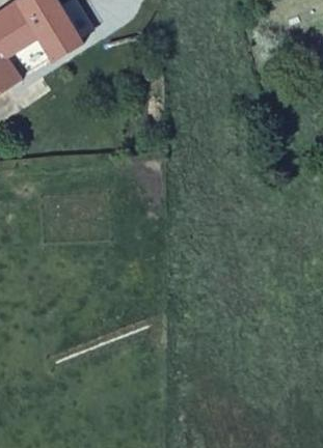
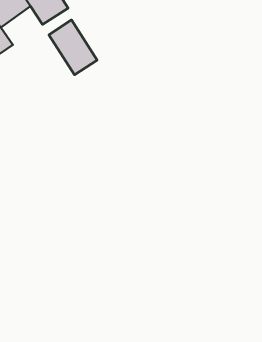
building: none -> [49,20,97,75]

